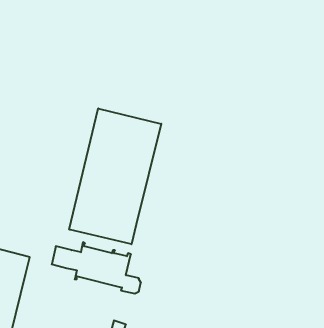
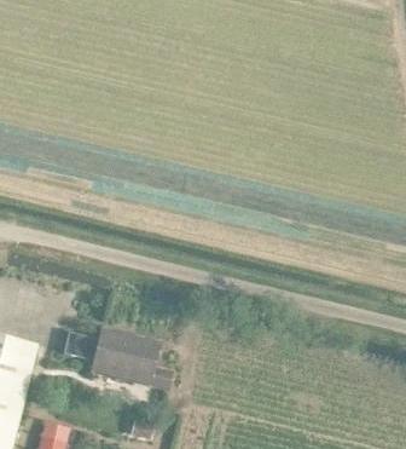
building: [69,108,161,244] -> none

